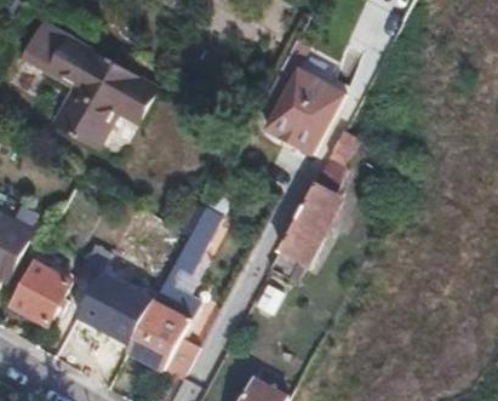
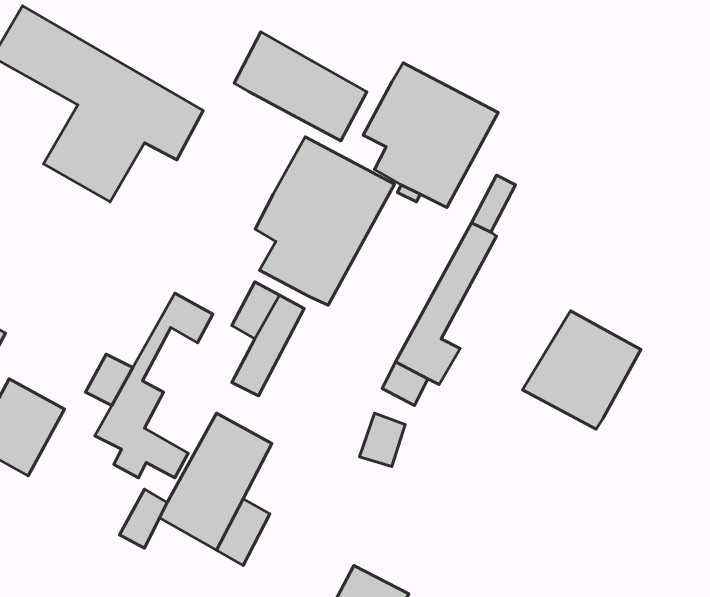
building: none -> [234,32,367,141]
building: none -> [255,137,394,305]
building: none -> [523,311,641,429]

